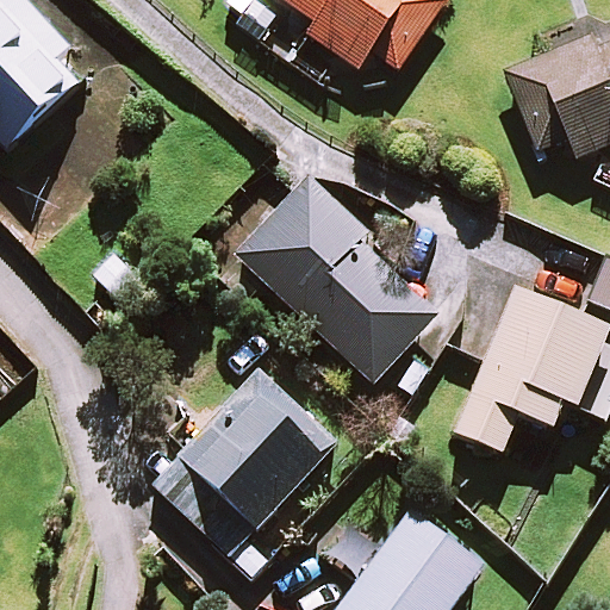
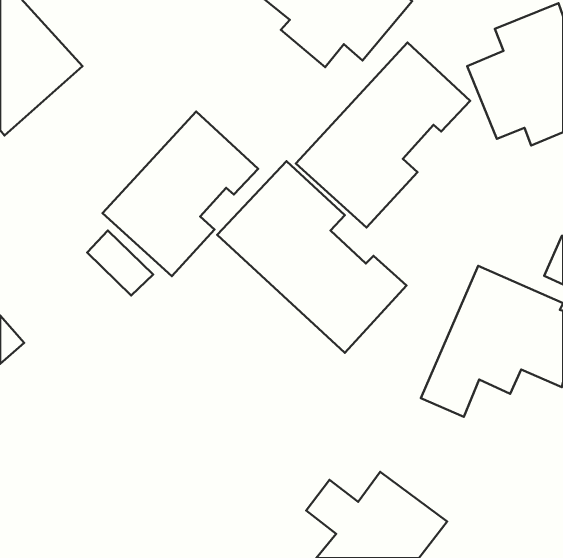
building: none -> [296,43,470,227]
building: none -> [103,112,258,276]
building: [155,368,338,555] -> none

